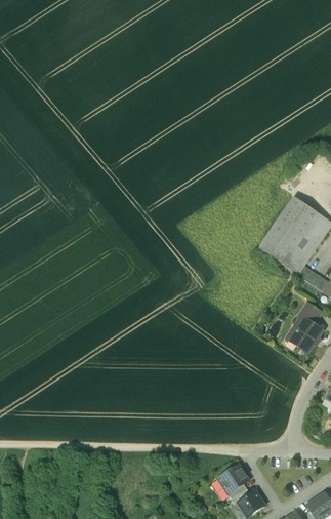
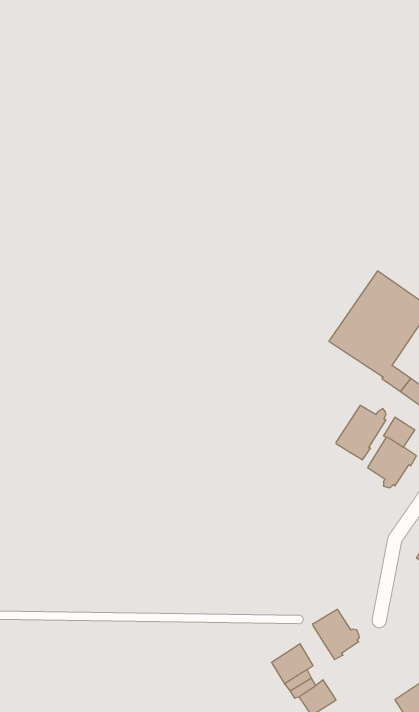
building: none -> [336,405,386,460]
building: none -> [313,609,359,660]

